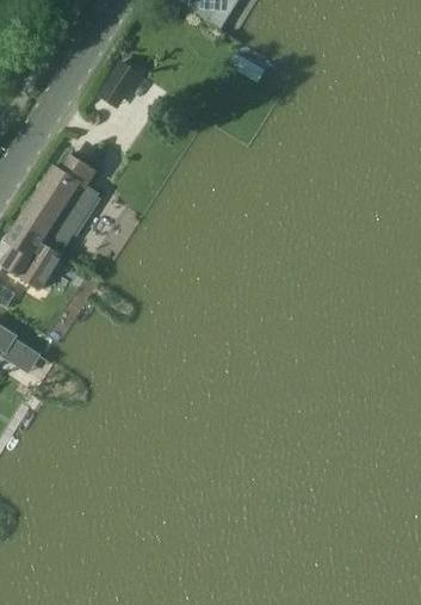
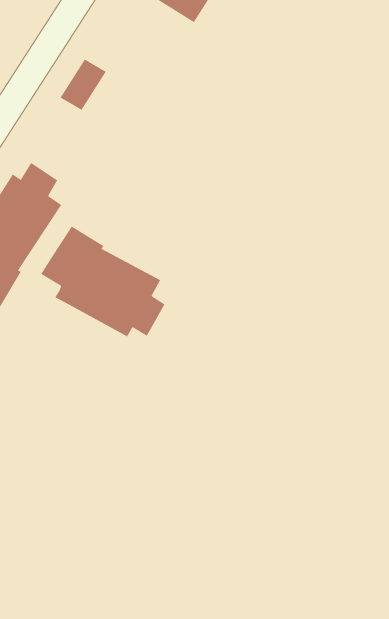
building: none -> [40,226,166,338]

